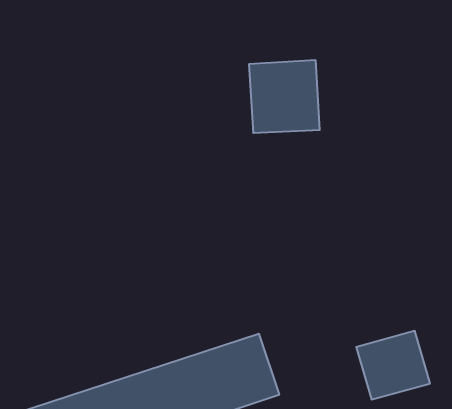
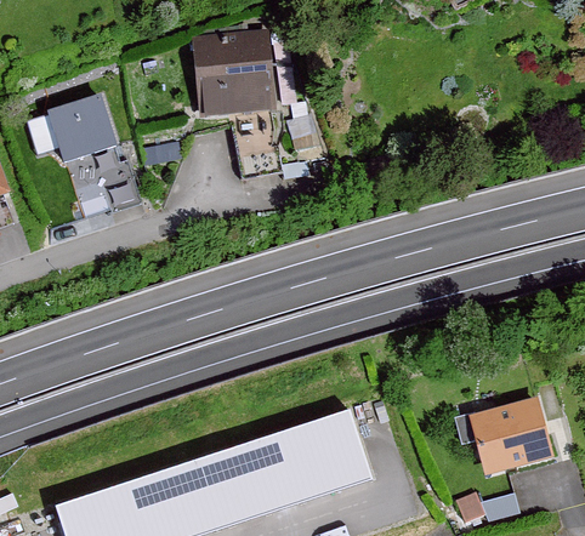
building: [249,60,320,133] -> [197,34,282,121]
building: none -> [51,97,124,167]

